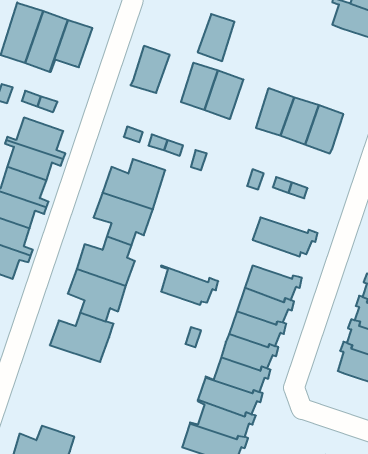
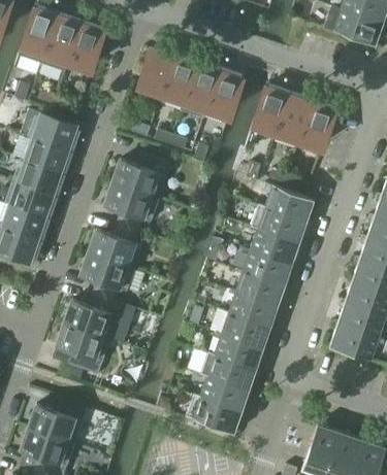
building: [198,14,235,61] -> [161,58,195,101]
building: none -> [257,184,314,222]
building: [161,266,218,305] -> [250,228,302,264]
building: none -> [56,325,109,376]

